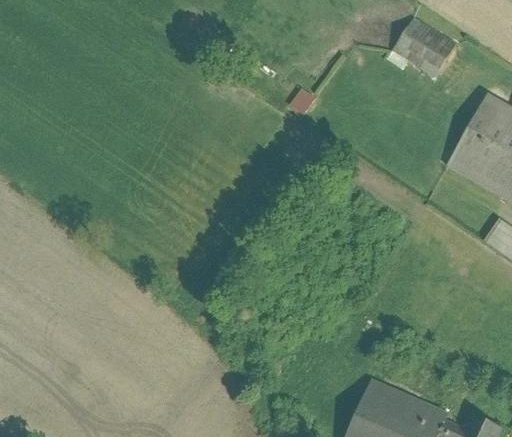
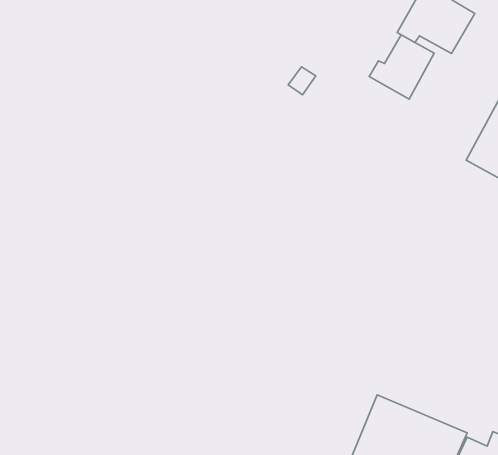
building: none -> [369,35,434,99]

